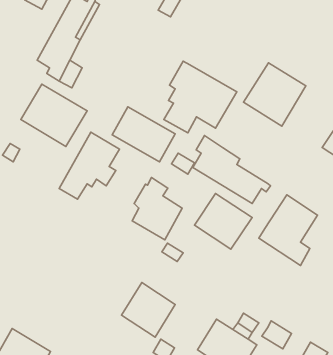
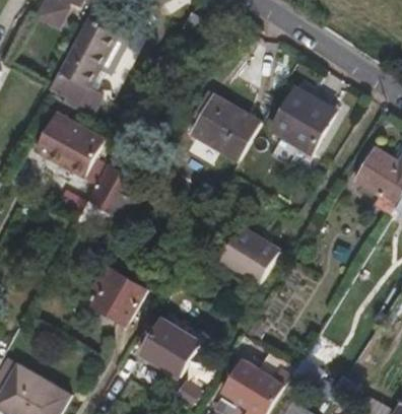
building: [112,107,175,162] -> none
building: [193,135,270,204] -> none
building: [132,178,182,240] -> [93,259,146,325]
building: [259,195,318,265] -> none

